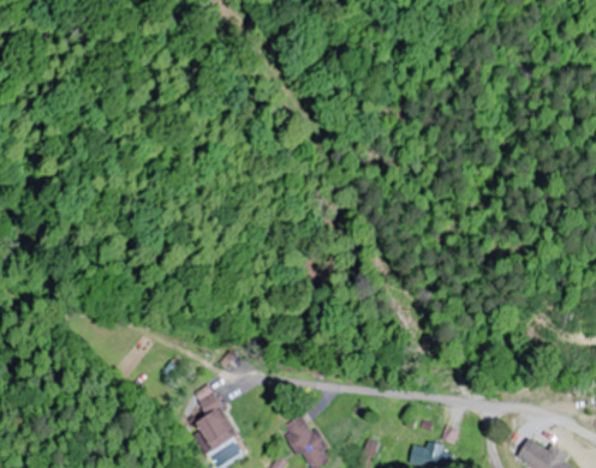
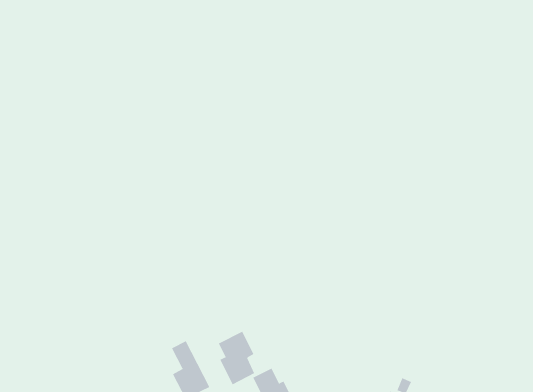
building: none -> [218,331,255,385]

